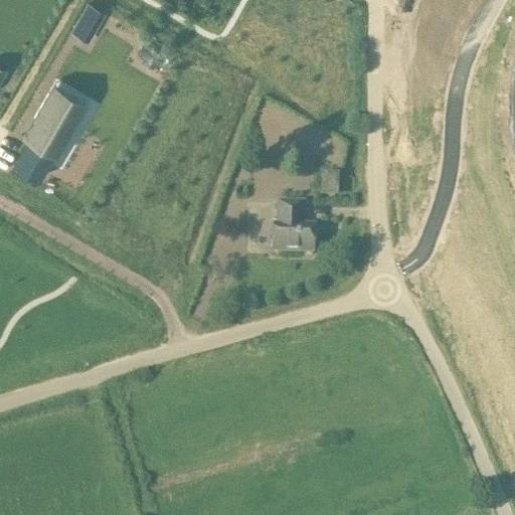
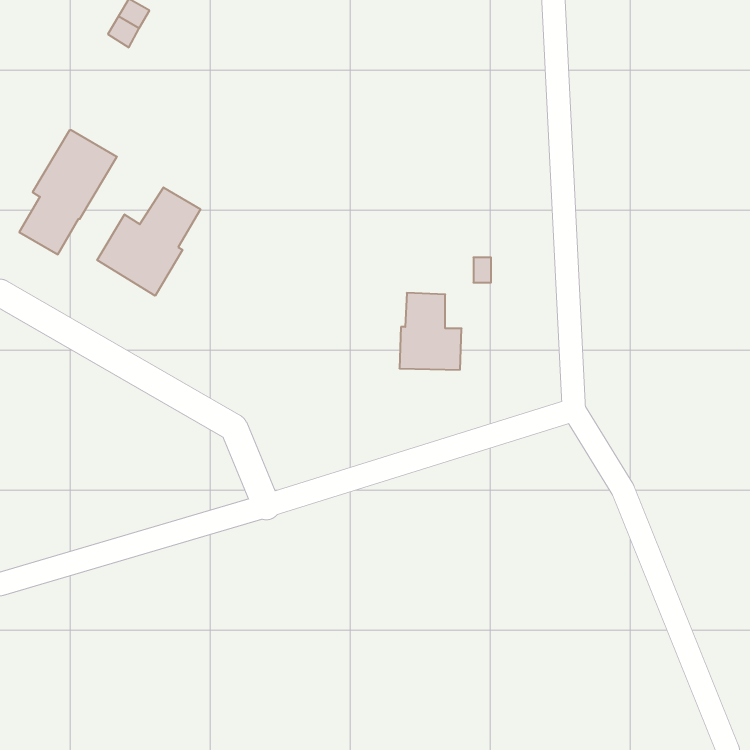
building: none -> [97,187,200,296]

